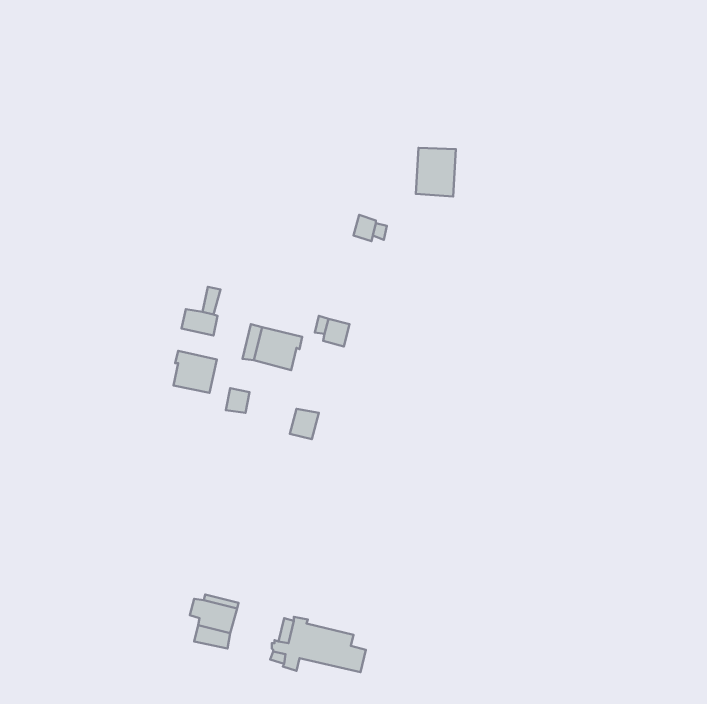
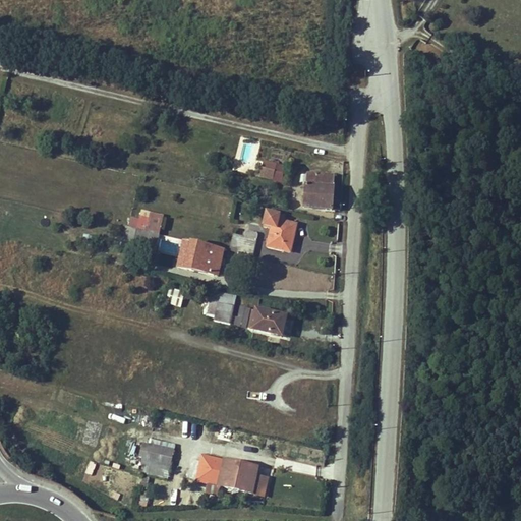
building: [416,148,456,196] -> [304,171,334,207]
building: none -> [264,210,296,249]
building: [173,351,217,393] -> none
building: none -> [247,308,285,334]

